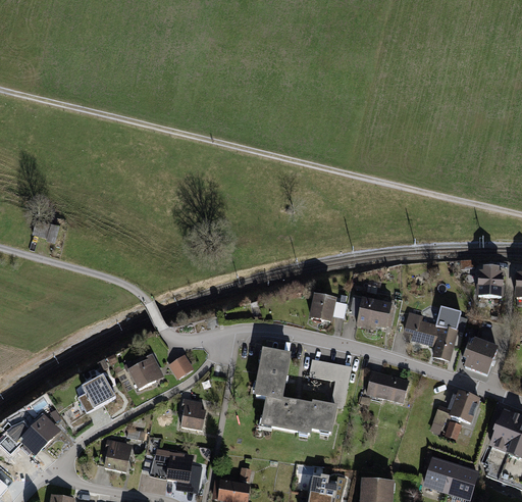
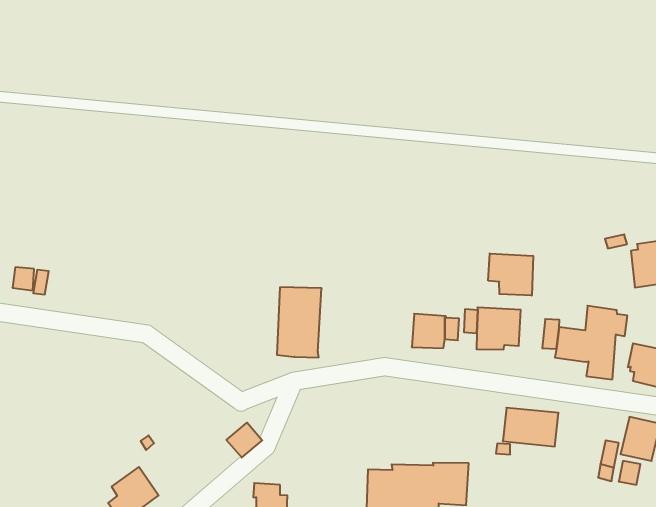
building: none -> [488,253,533,296]
building: [254,349,293,403] -> [277,287,322,357]
building: [122,353,163,389] -> none
building: [309,358,351,405] -> none

